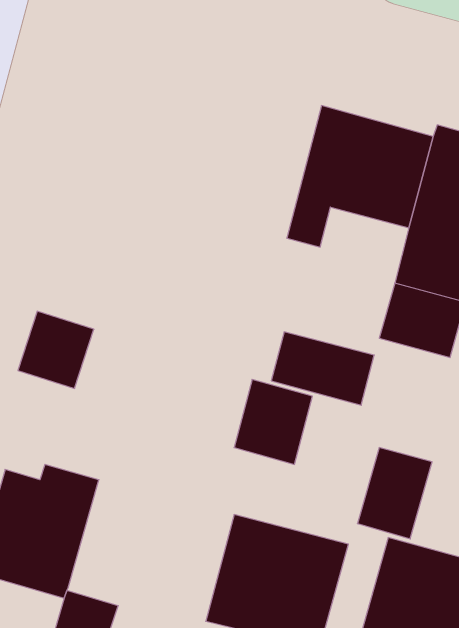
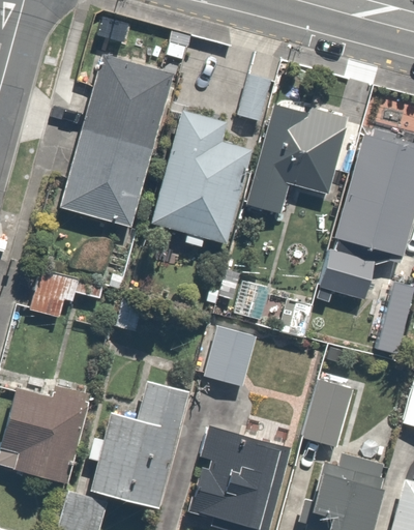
building: none -> [62,55,171,231]
building: none -> [153,72,273,241]
building: none -> [86,381,195,514]

